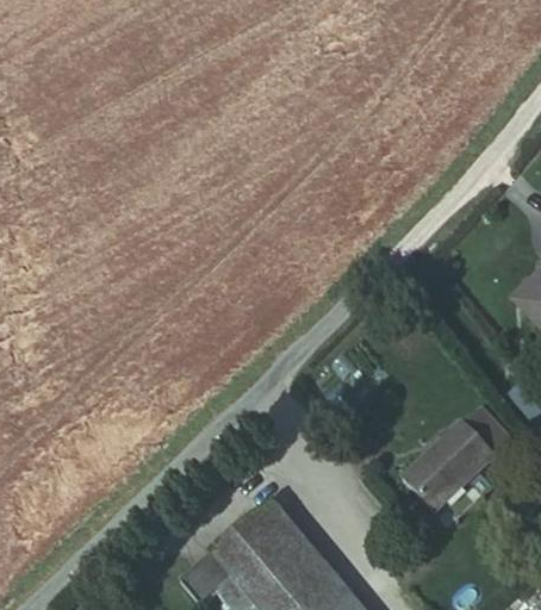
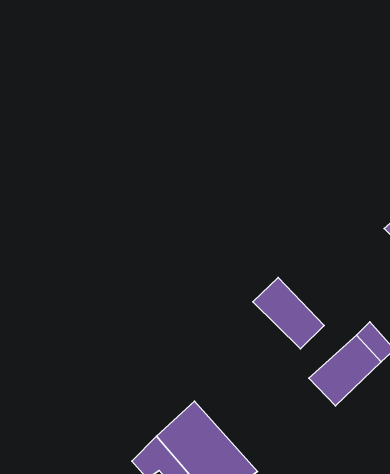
building: none -> [253,278,324,349]

